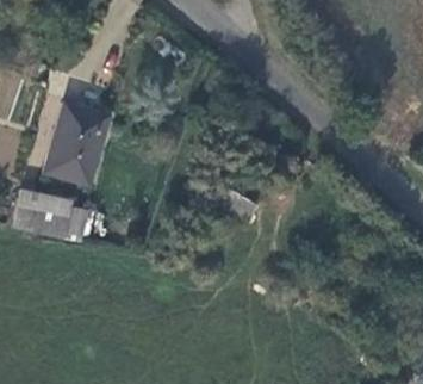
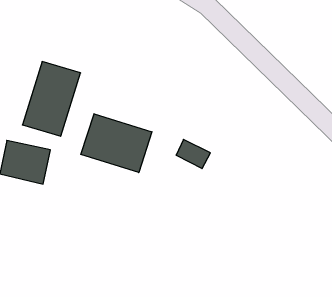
building: none -> [81,114,152,173]

